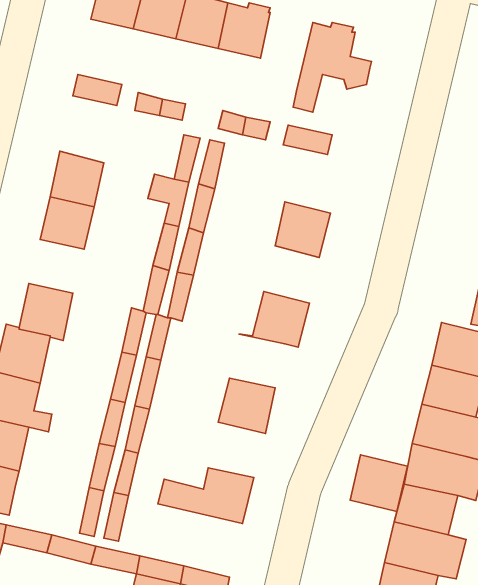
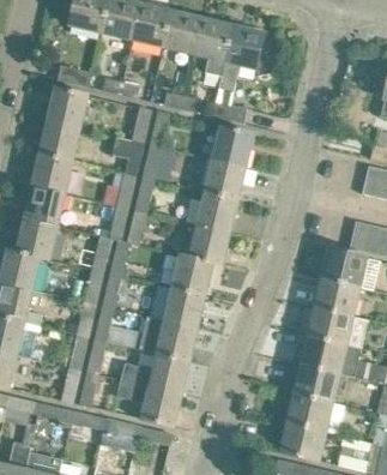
building: none -> [194,14,232,76]
building: none -> [47,86,87,128]
building: none -> [212,124,254,166]
building: none -> [24,185,65,224]
building: none -> [196,190,237,232]
building: none -> [171,254,212,294]
building: none -> [156,319,198,360]
building: [350,455,408,512] -> none
building: none -> [115,379,181,426]

